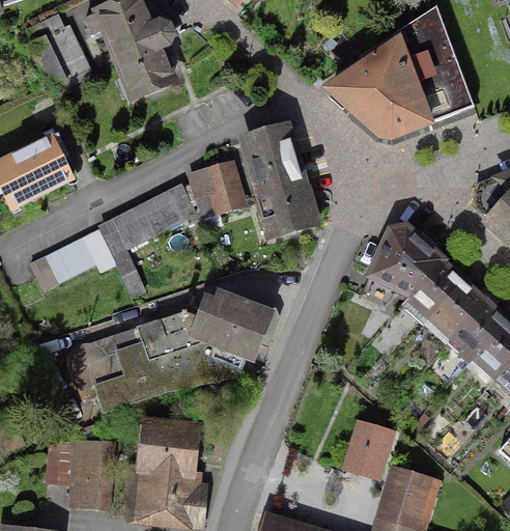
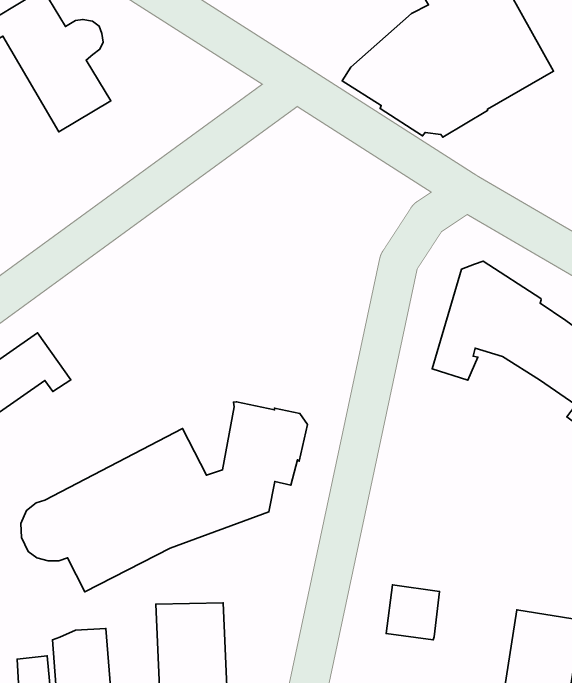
building: [244,128,311,234] -> none
building: [189,162,240,213] -> none
building: [98,186,194,295] -> none
building: [348,424,389,466] -> [386,585,440,640]

